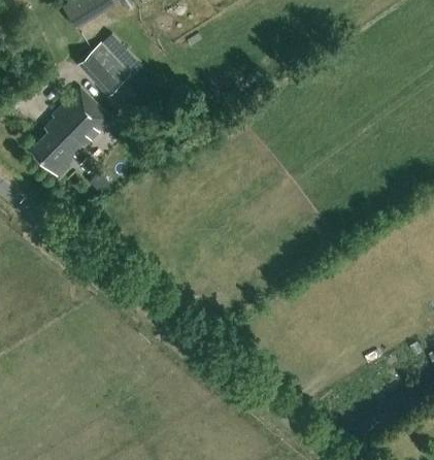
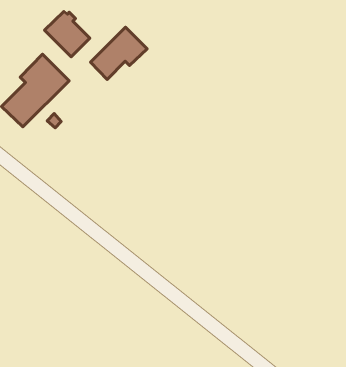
building: none -> [91,27,147,79]

